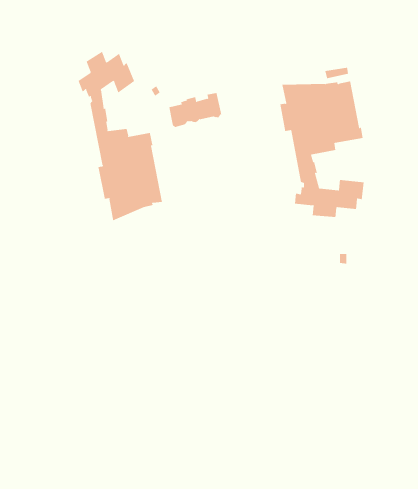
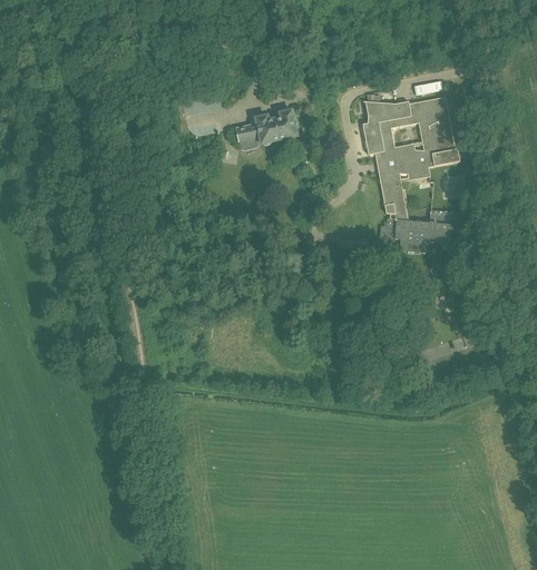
building: [78,51,163,221] -> none

